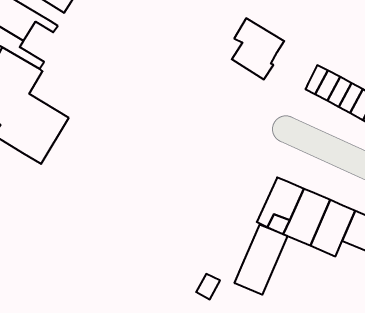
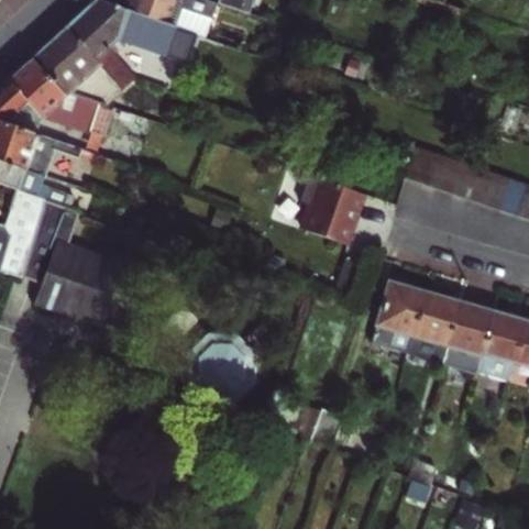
building: [232,18,284,79] -> [297,178,360,251]
building: [235,224,288,295] -> none

